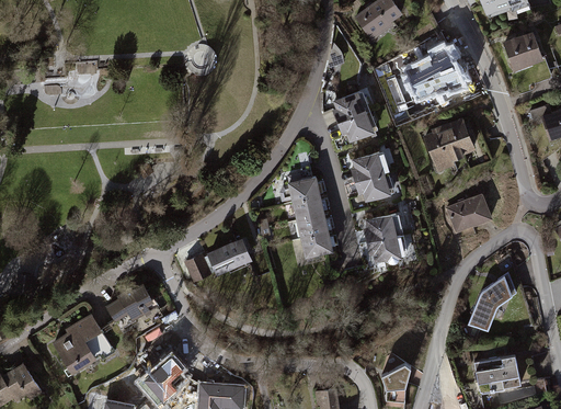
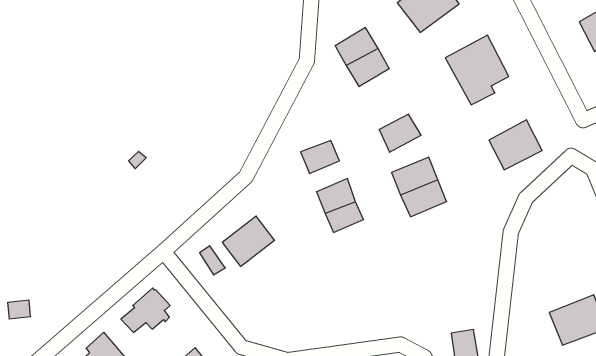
building: [350,150,383,180] -> none
building: [290,201,322,224] -> none
building: [468,271,517,328] -> none

